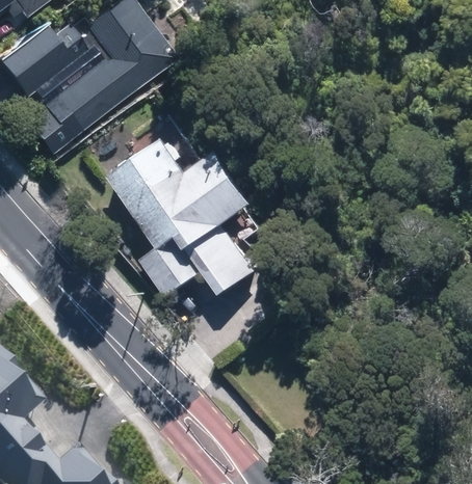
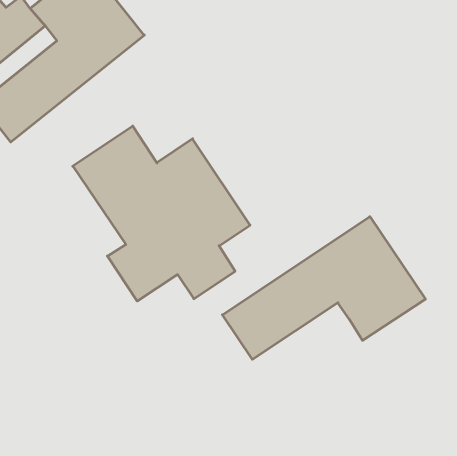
building: none -> [222,217,425,359]

